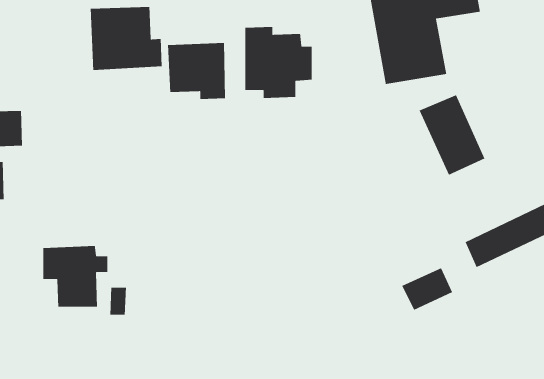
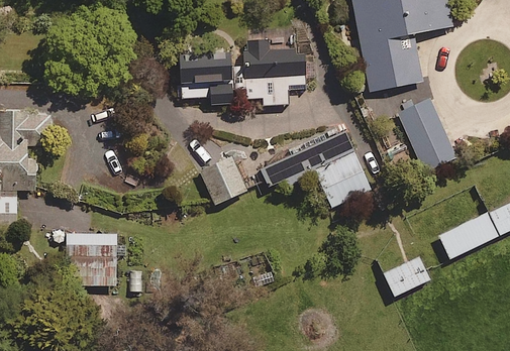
building: [90,6,162,71] -> none
building: none -> [260,131,370,206]
building: none -> [200,156,246,205]

